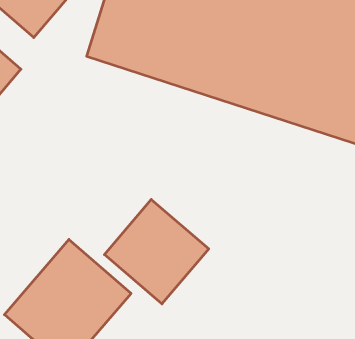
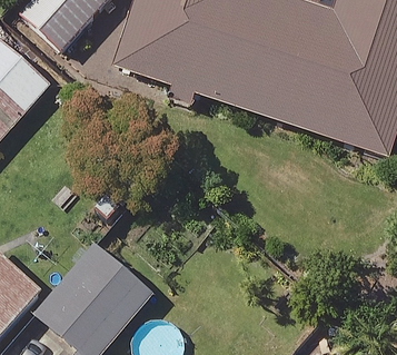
building: [104,199,209,304] -> none

